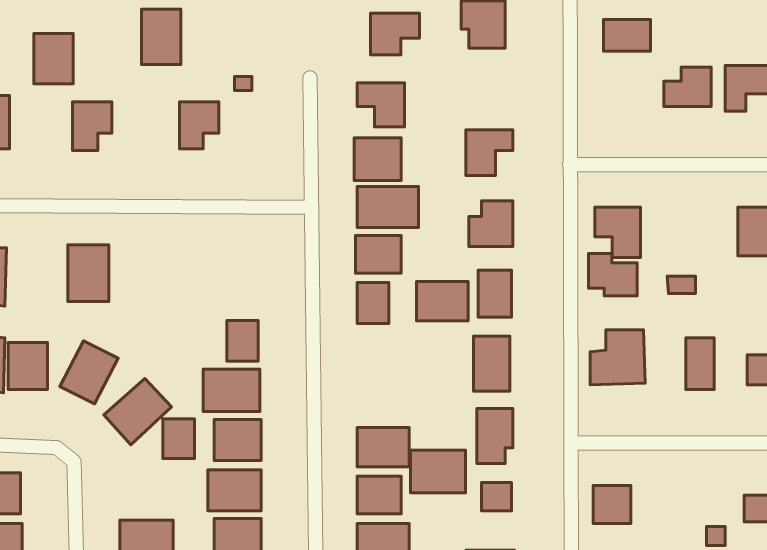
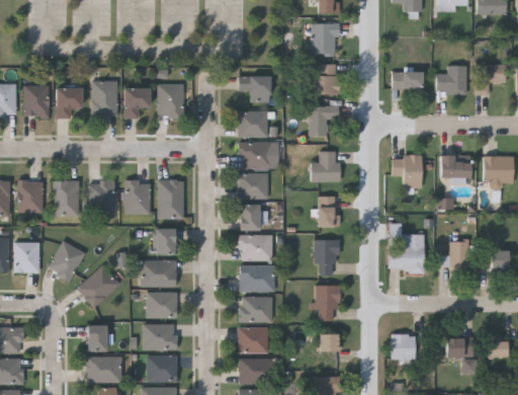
building: [142,9,181,64] -> [92,81,117,116]
building: [370,13,420,55] -> none
building: [603,20,651,51] -> [392,71,422,91]
building: [34,34,73,84] -> [23,85,49,117]
building: none -> [312,64,339,94]
building: none -> [158,84,183,117]
building: none -> [158,179,183,219]
building: none -> [17,180,42,213]
building: none -> [89,180,114,214]
building: none -> [124,180,150,214]
building: [588,253,637,296] -> [440,155,471,182]
building: [416,282,468,321] -> [239,234,272,259]
building: [163,419,194,458] -> [86,325,106,350]
building: [410,450,466,493] -> [239,264,274,292]
building: none -> [446,336,474,356]

